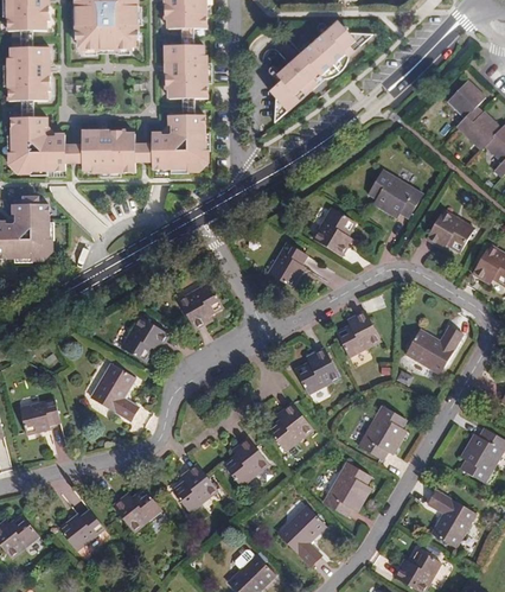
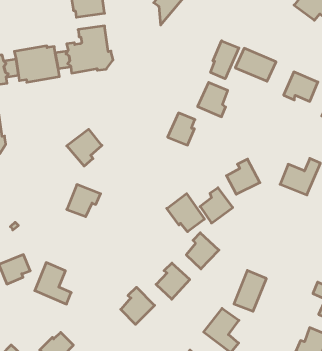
building: none -> [211,41,239,79]
building: [175,282,222,330] -> [67,129,102,166]
building: none -> [167,194,204,232]
building: [90,363,138,421] -> [35,263,71,304]
building: [357,406,404,460] -> none
building: [113,488,161,530] -> none

